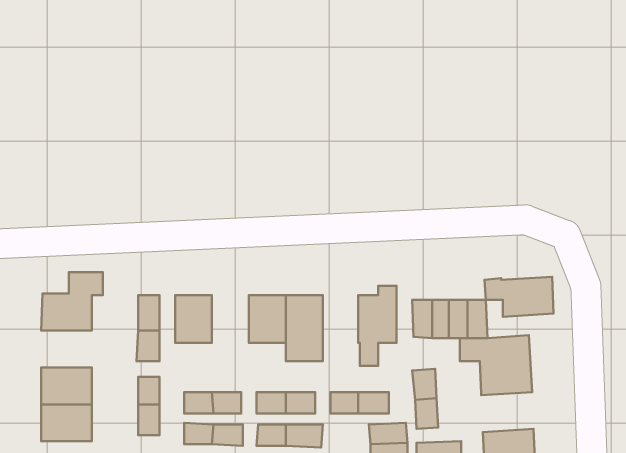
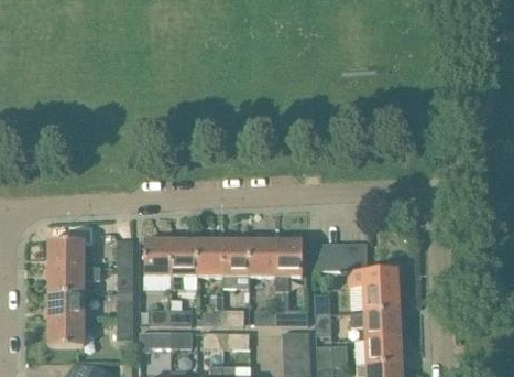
building: [484,277,554,317] -> [350,310,400,338]
building: none -> [169,240,196,289]
building: none -> [249,240,274,274]
building: none -> [47,266,100,292]

